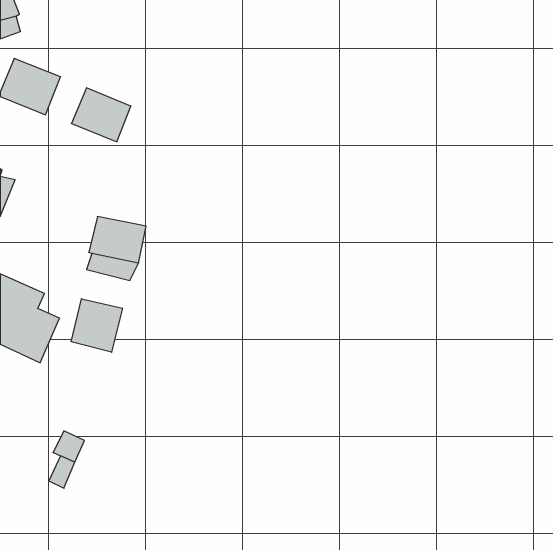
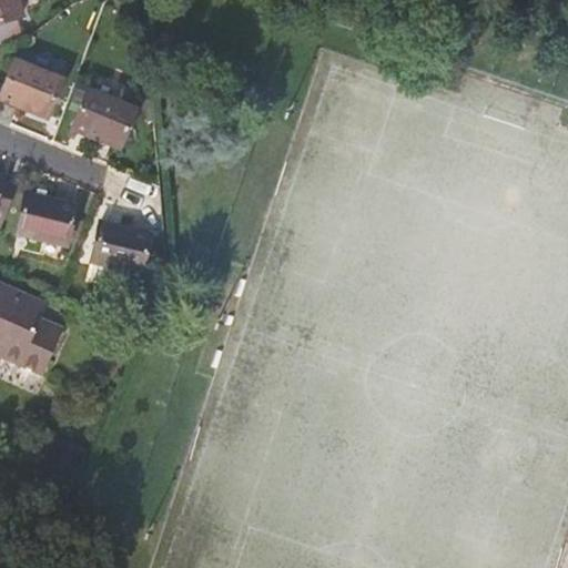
building: none -> [16,193,75,243]
building: [71,299,123,352] -> none

